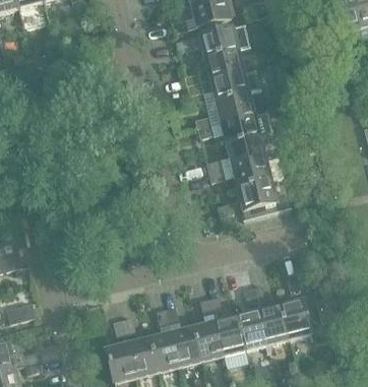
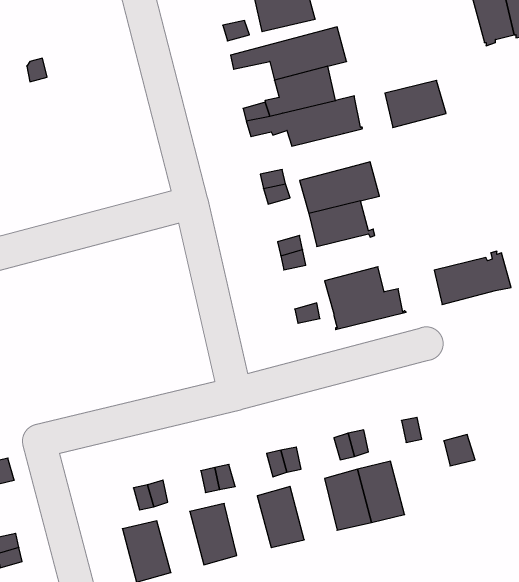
building: [216,92,255,123] -> [385,80,446,128]
building: [232,153,282,188] -> [434,251,511,305]
building: [280,300,311,339] -> none
building: [214,316,245,356] -> none
building: [172,327,202,366] -> none
building: [128,337,159,377] -> none

